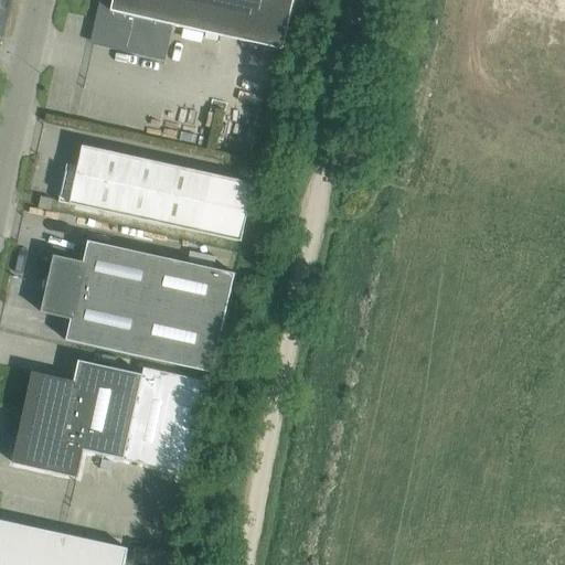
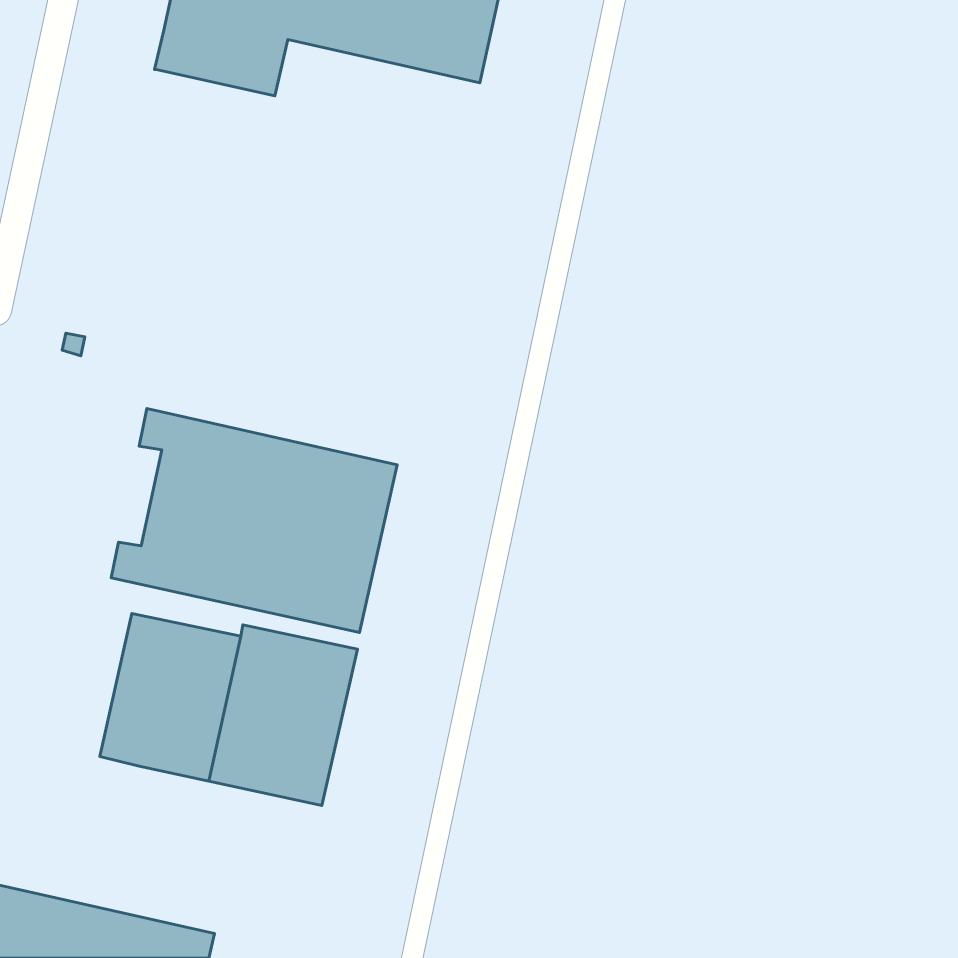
building: [57,145,253,241] -> none
building: [41,255,95,320] -> none
building: [8,371,82,476] -> none

